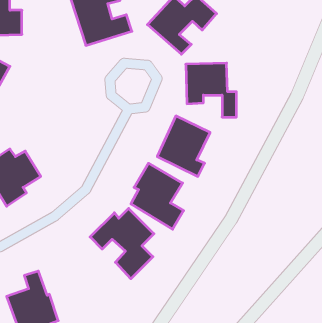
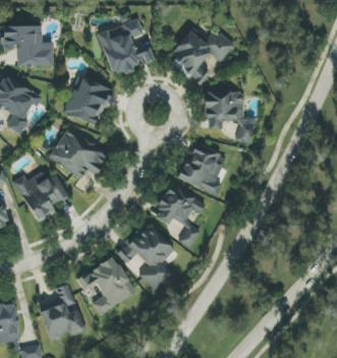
building: none -> [63,76,113,127]
building: none -> [49,129,109,176]
building: none -> [75,255,136,315]

